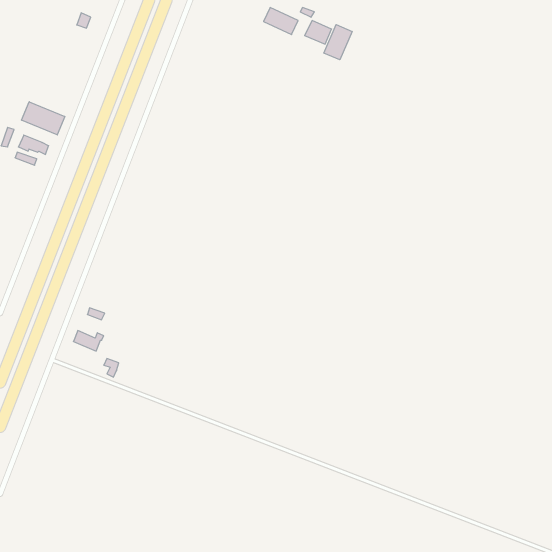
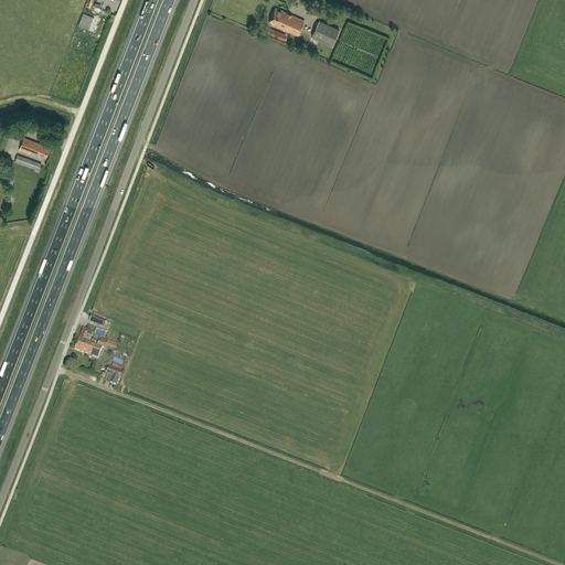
building: [324,25,352,60] -> none
building: [22,102,65,135] -> none

